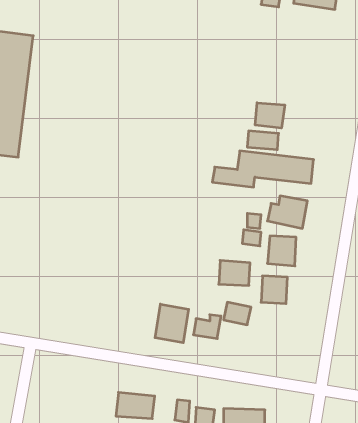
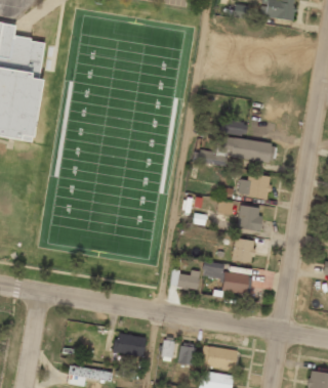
building: [255,103,285,128] -> none
building: [219,260,250,285] -> [222,272,248,293]
building: [155,304,189,343] -> none

